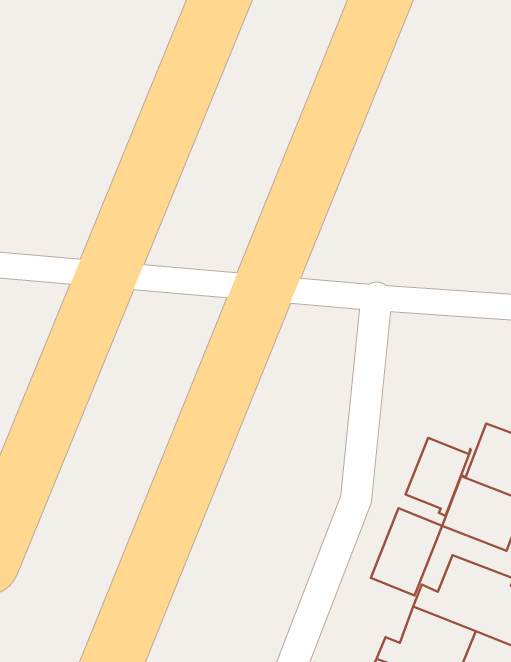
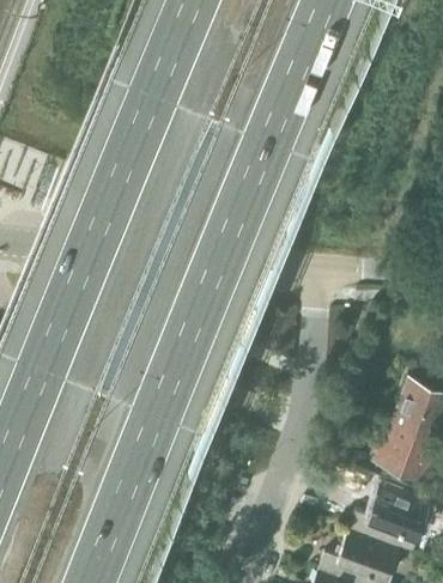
building: [405,438,471,516] -> none
building: [371,508,442,596] -> none

